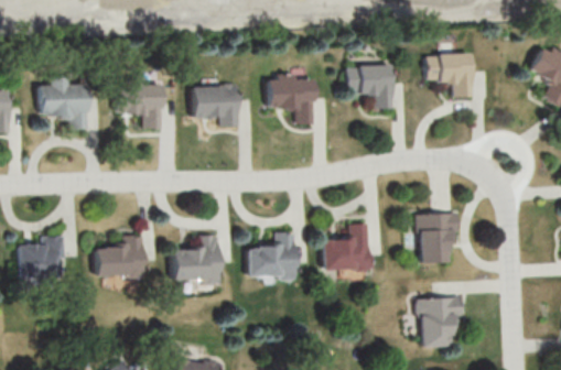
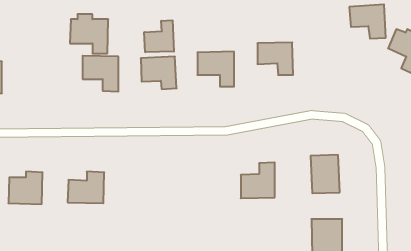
building: none -> [144,20,174,52]
building: [425,52,474,97] -> [349,4,386,39]
building: [39,77,89,129] -> [70,14,108,53]
building: [249,232,298,279] -> none
building: [171,236,220,281] -> none

